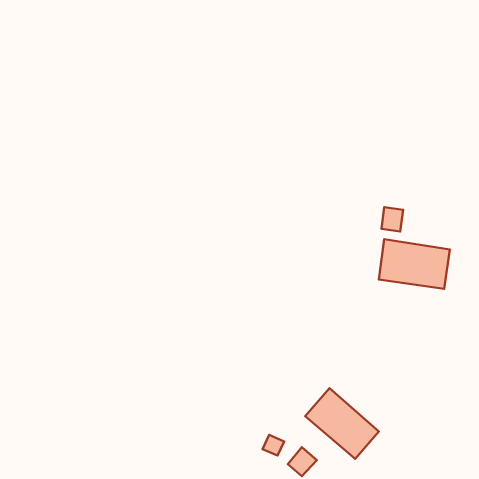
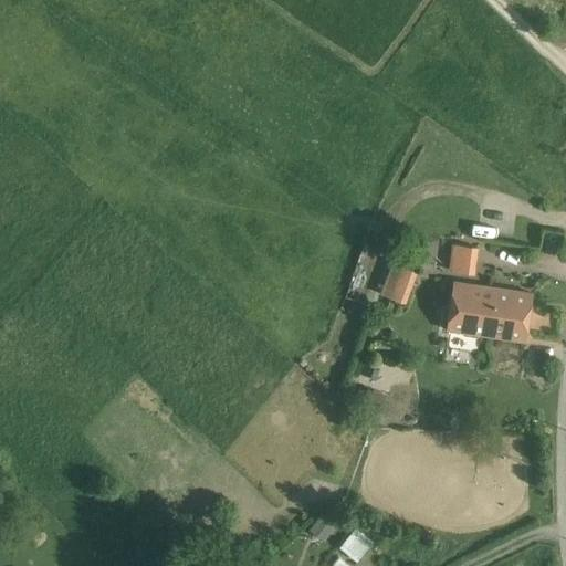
building: none -> [381,263,415,303]
building: [305,388,379,459] -> none

